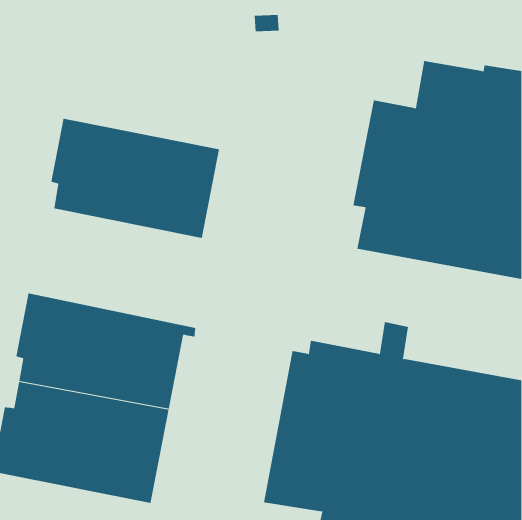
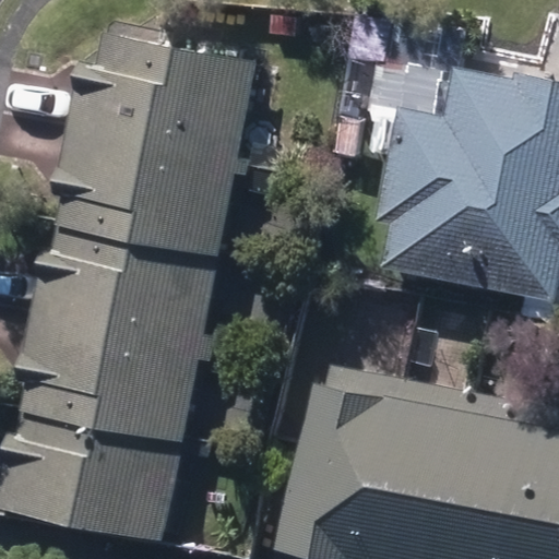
building: none -> [67,34,253,164]
building: none -> [29,227,215,354]

